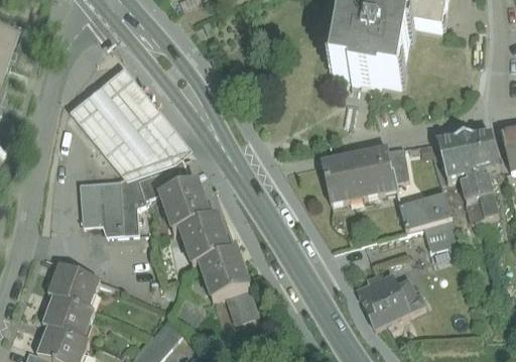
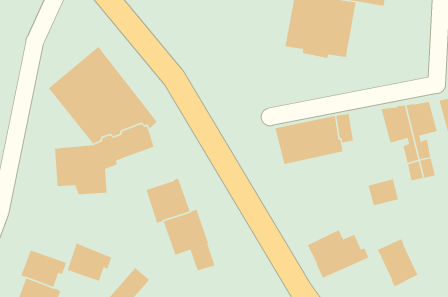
building: [158,180,210,232] -> none
building: [399,193,450,229] -> none
building: [46,262,99,306] -> [64,242,112,282]
building: none -> [377,238,418,287]

